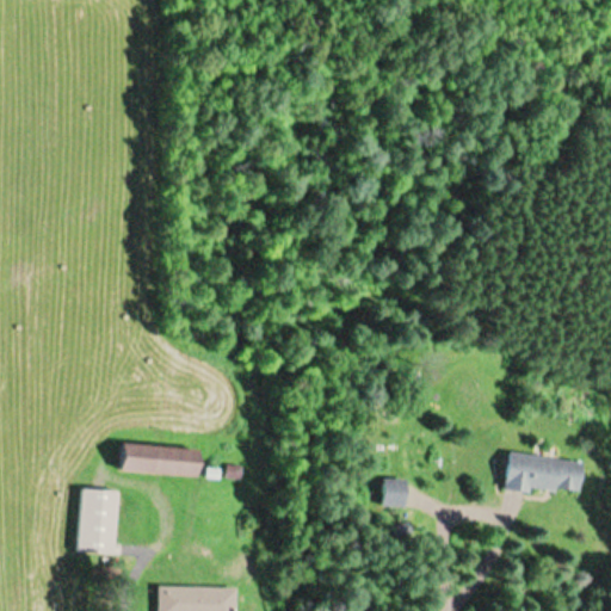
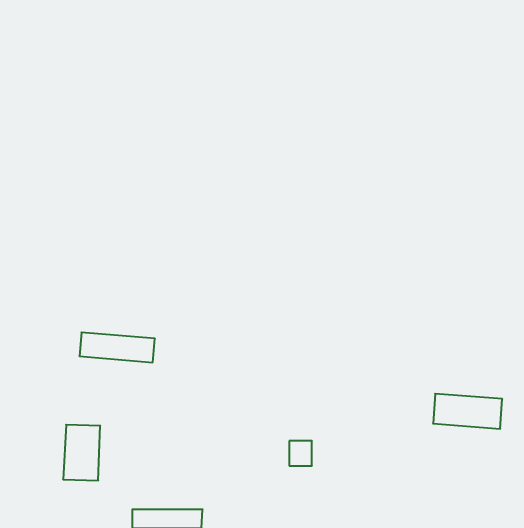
building: [115,443,202,477] -> [79,332,155,362]
building: [383,480,409,508] -> [289,441,312,466]

